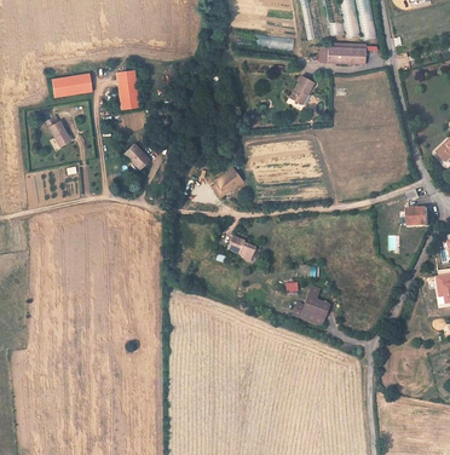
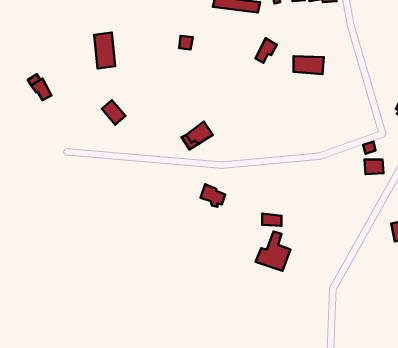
building: [338,47,370,67] -> [293,56,324,74]
building: [50,74,91,97] -> none

